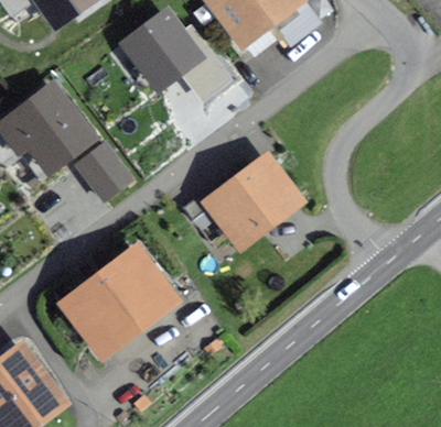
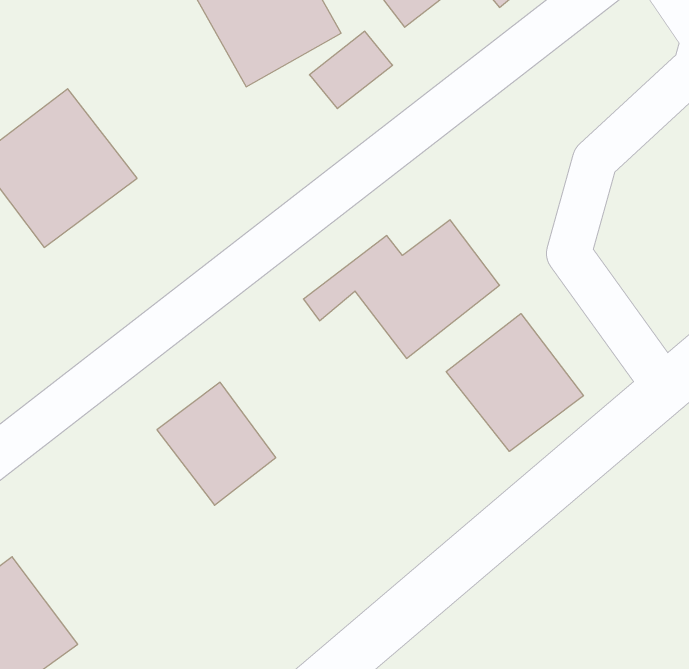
building: [75,141,137,204] -> none
building: none -> [446,314,583,451]
building: [66,281,133,349] -> none

